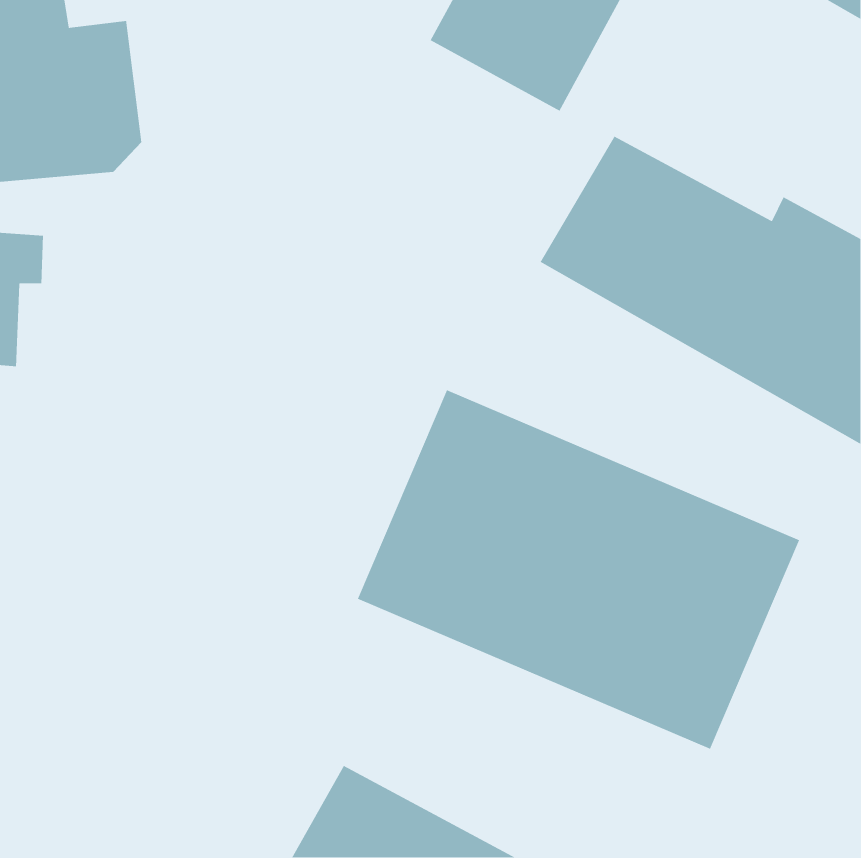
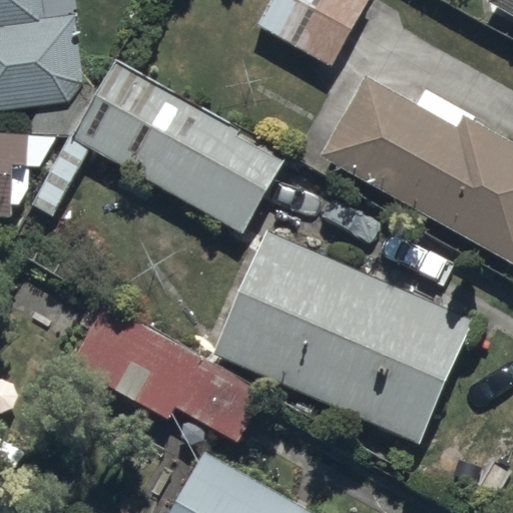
building: none -> [74,60,283,227]
building: none -> [71,303,262,441]

